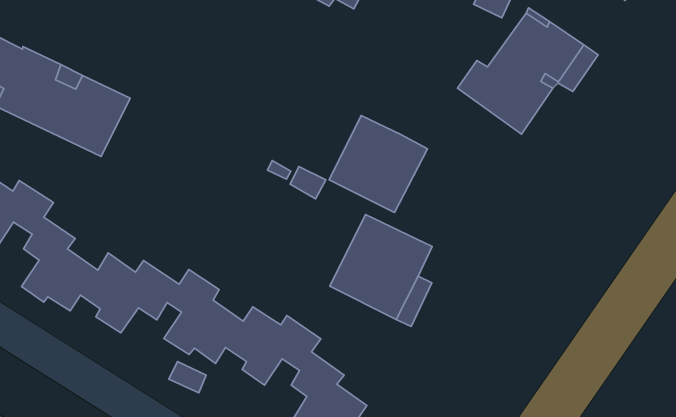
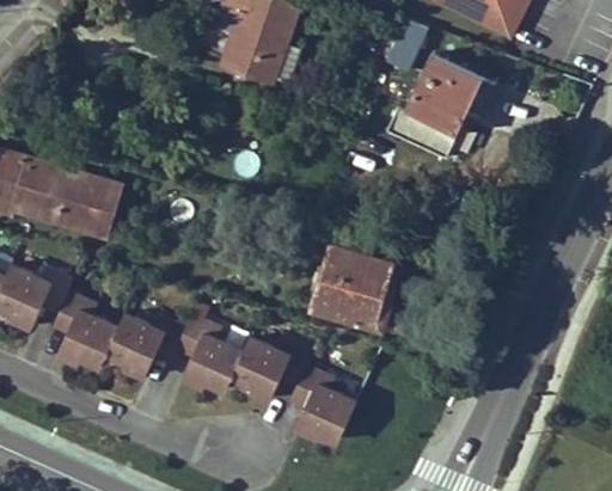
building: [329,115,427,212] -> none

